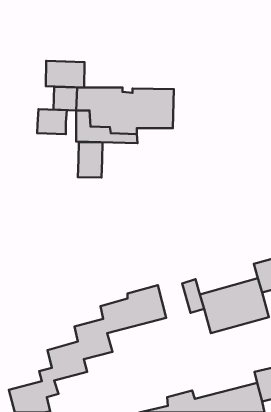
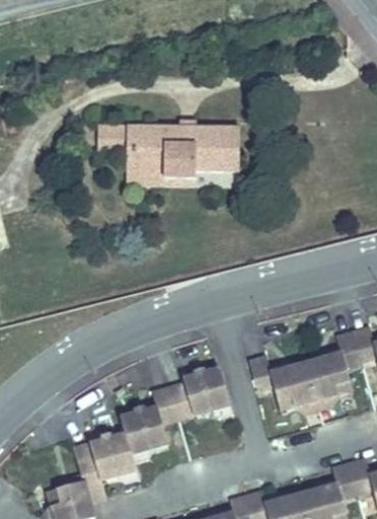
building: [46,61,85,88] -> none
building: [37,109,67,134] -> none
building: [78,142,103,177] -> none

